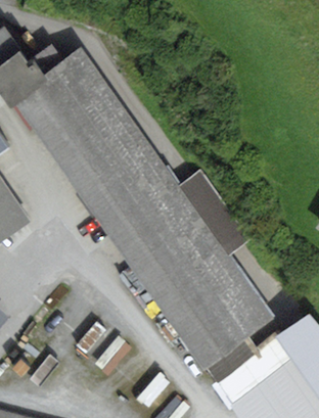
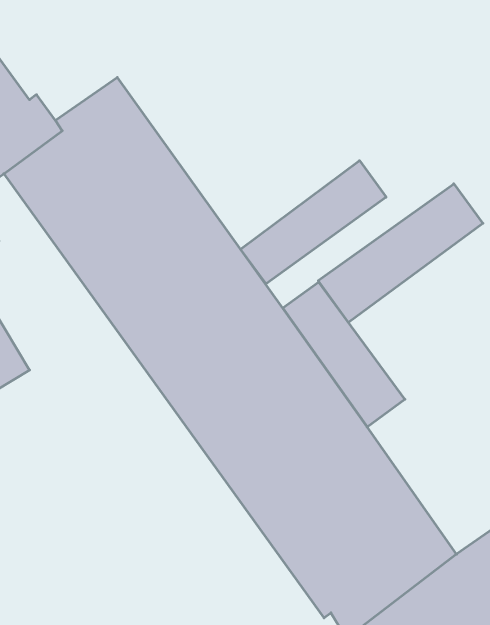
building: none -> [240,161,386,284]
building: none -> [318,184,483,323]

